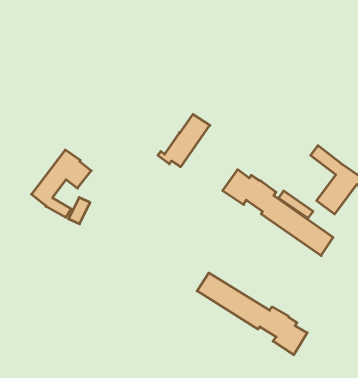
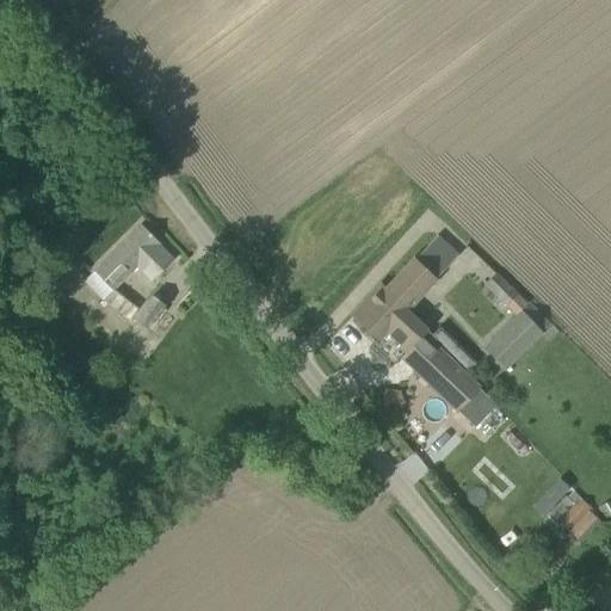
building: [158,114,210,167] -> [377,237,456,308]
building: [197,273,307,355] -> none

